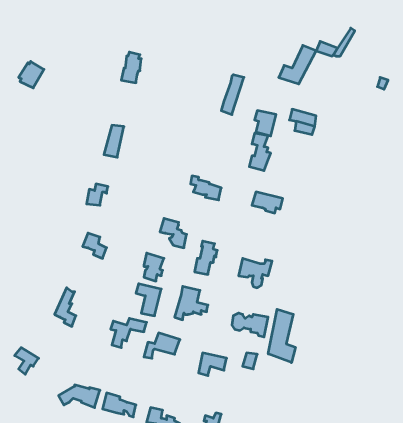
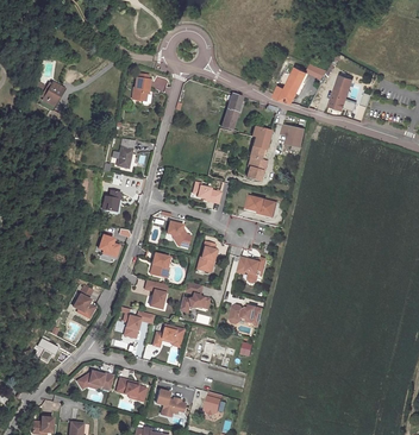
building: none -> [329,75,356,111]
building: [268,309,295,363] -> none

